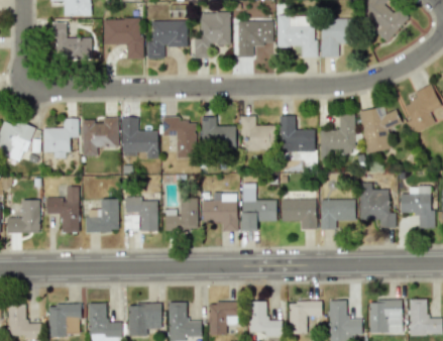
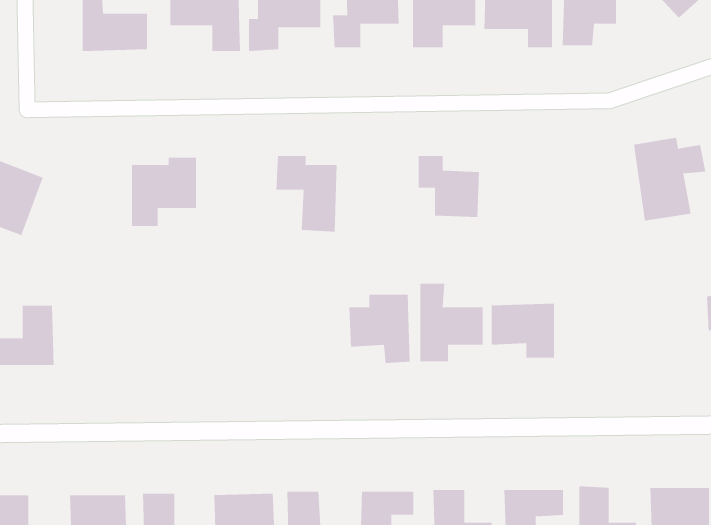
building: [321,115,356,157] -> none
building: [281,116,316,152] -> none
building: [122,117,158,159] -> none
building: [202,117,237,149] -> none
building: [43,118,79,158] -> none
building: [360,183,396,229] -> none
building: [46,187,80,233] -> none
building: [124,198,158,232] -> none
building: [165,198,199,231] -> none
building: [87,199,119,232] -> none
building: [321,200,356,229] -> none

